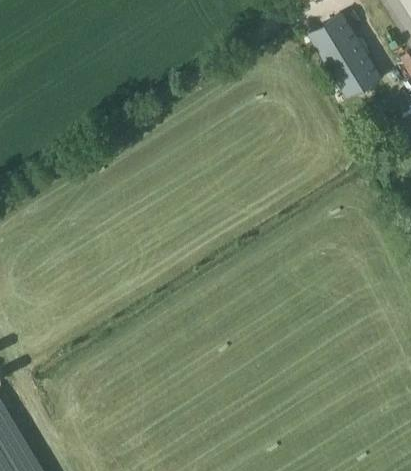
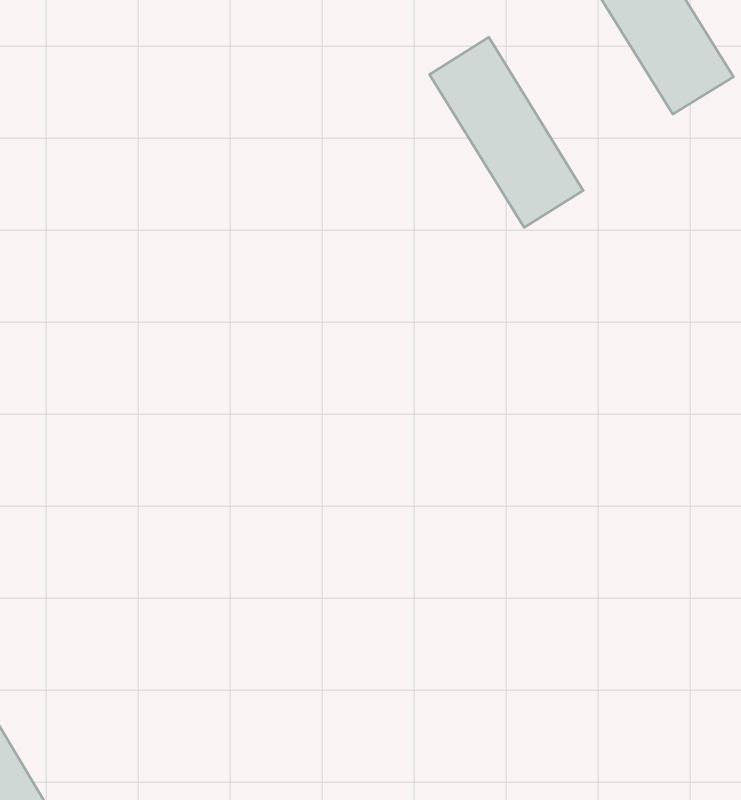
building: none -> [430,37,583,227]

